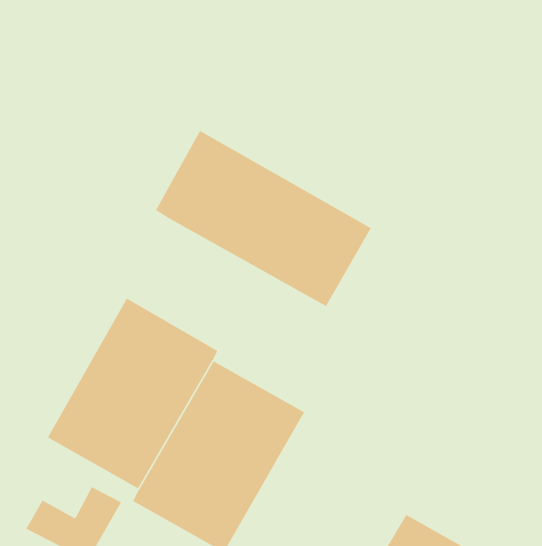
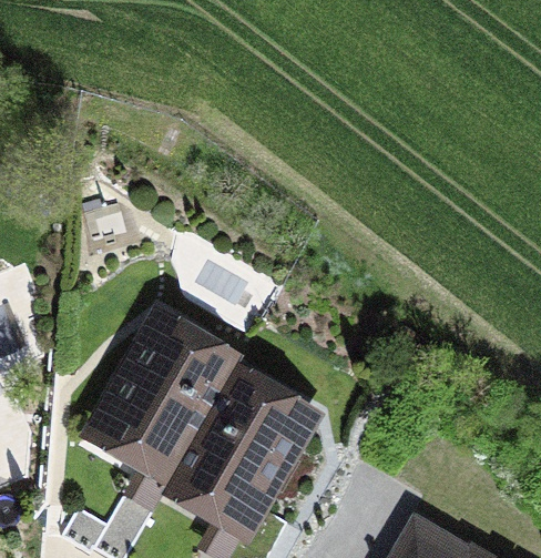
building: [155,130,371,307] -> none

